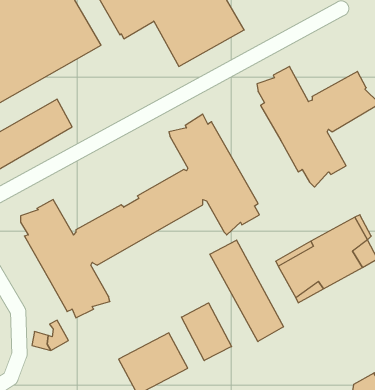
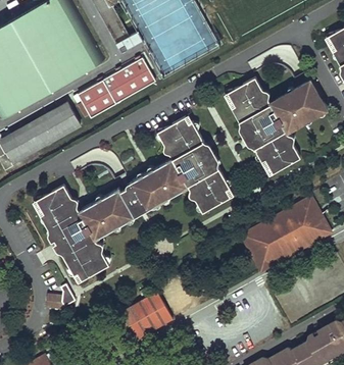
building: none -> [75,60,153,120]
building: [210,240,283,342] -> none
building: [181,303,232,361] -> none

